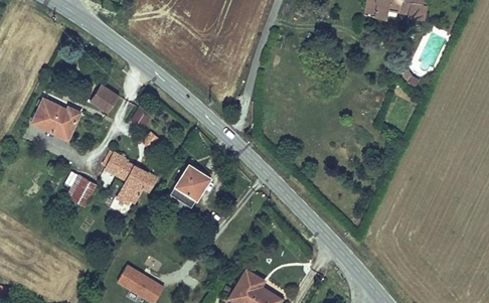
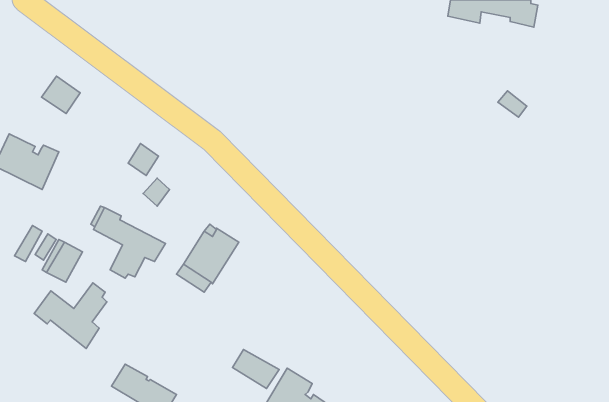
building: [90,85,118,112] -> [41,76,80,114]
building: none -> [34,283,107,349]
building: none -> [232,349,279,389]

